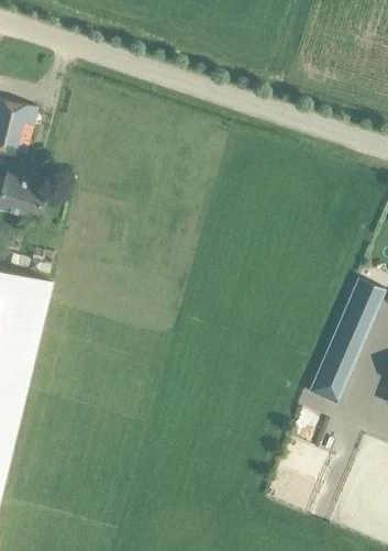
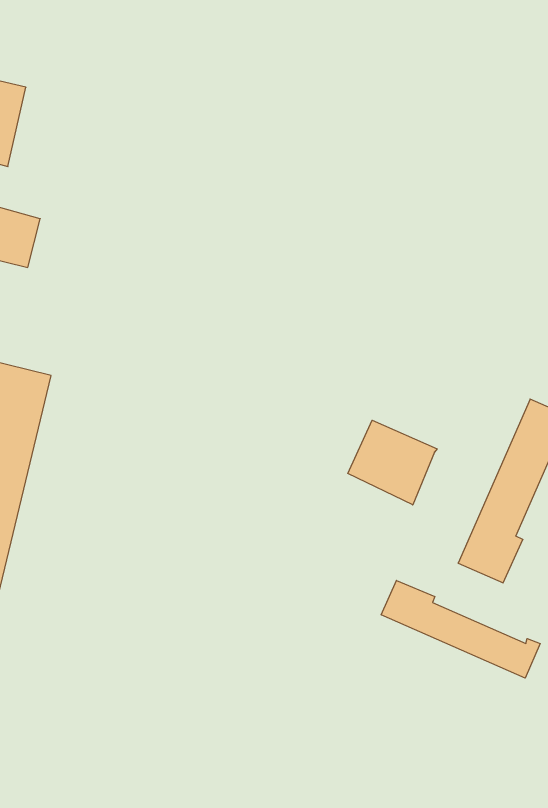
building: none -> [348,420,437,505]
building: none -> [381,580,540,678]

